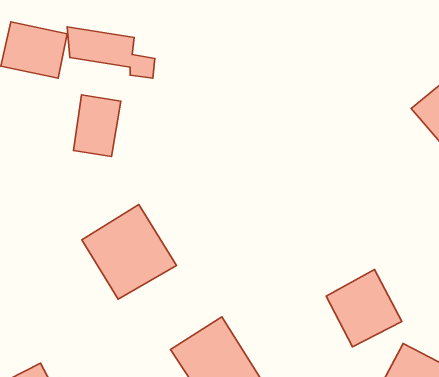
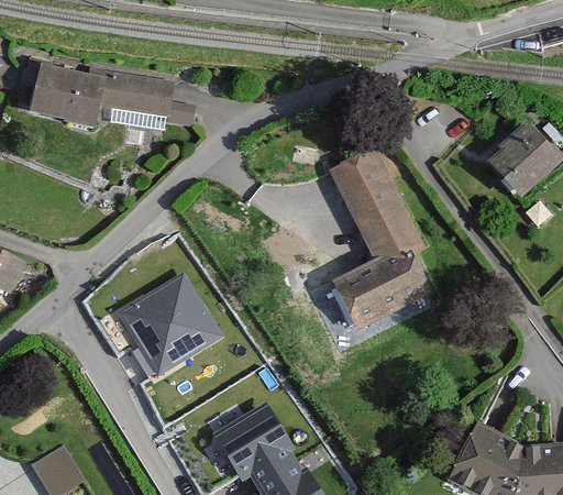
building: [73,95,121,156] -> none
building: none -> [327,149,435,332]
building: [326,269,402,347] -> none

